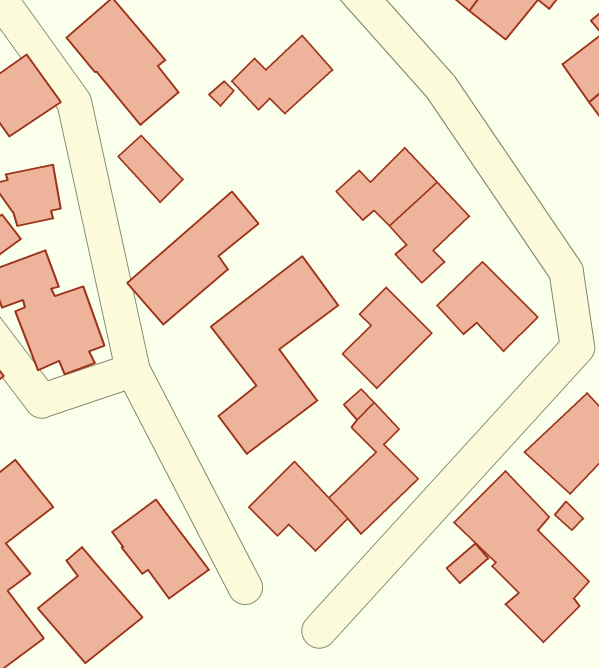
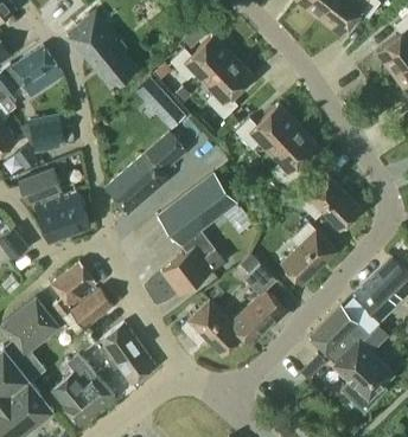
building: none -> [203,56,253,120]
building: [118,136,183,202] -> [146,89,186,130]
building: [343,287,432,388] -> [280,223,336,285]
building: none -> [50,262,113,335]

